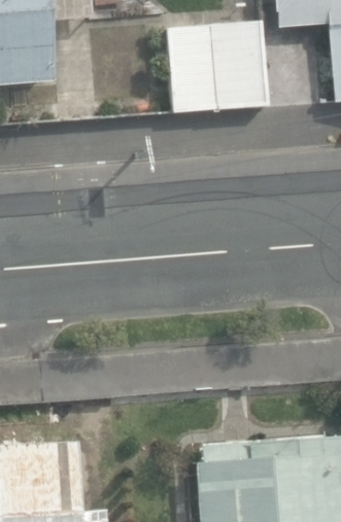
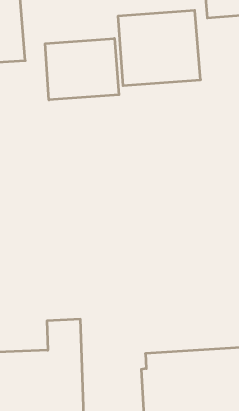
building: none -> [45,38,119,100]

